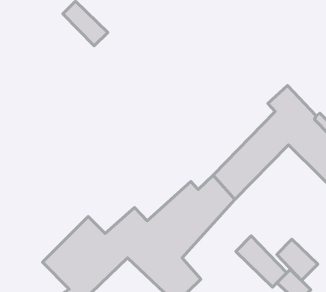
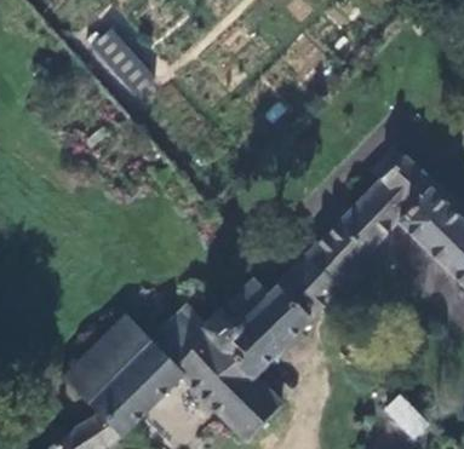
building: [236,236,287,287] -> none
building: [277,239,318,280] -> none

